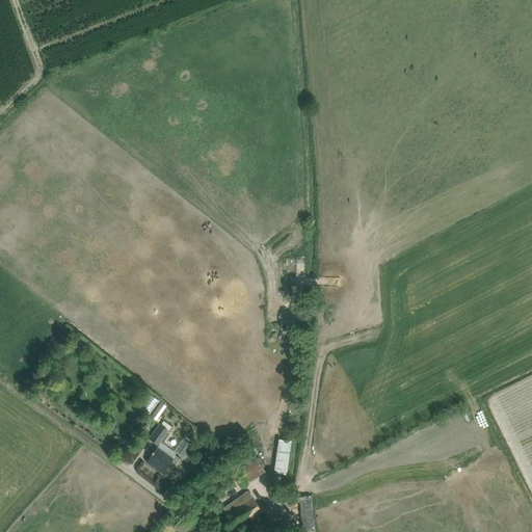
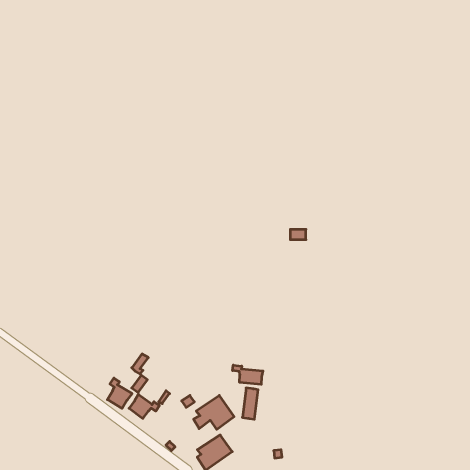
building: none -> [233,365,263,384]
building: none -> [107,378,132,408]

